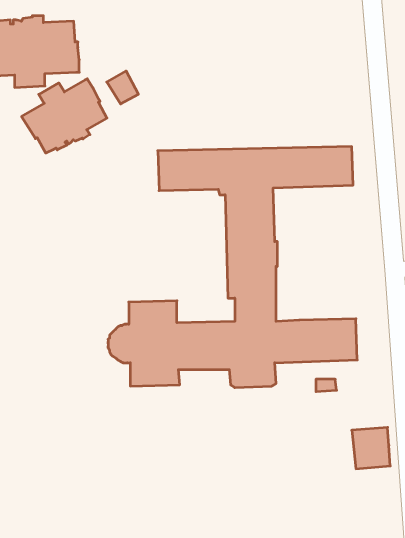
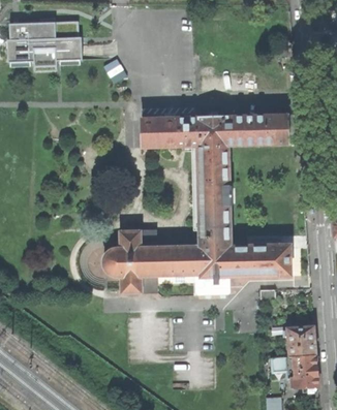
building: [22,79,107,153] -> none
building: none -> [273,353,319,391]

